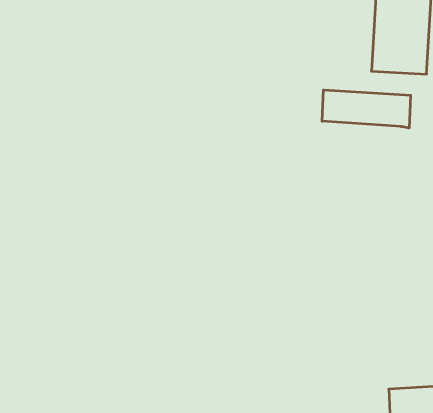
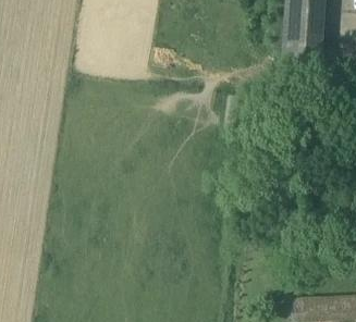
building: [322,90,411,128] -> none

